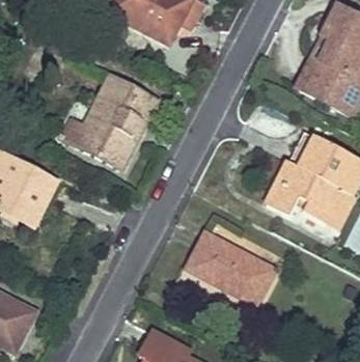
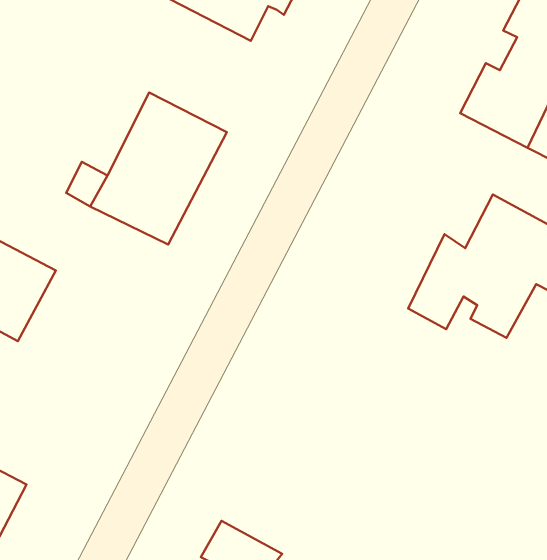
building: [188,231,275,303] -> none

